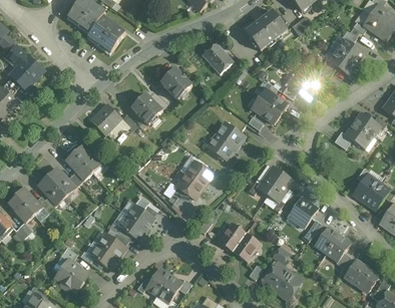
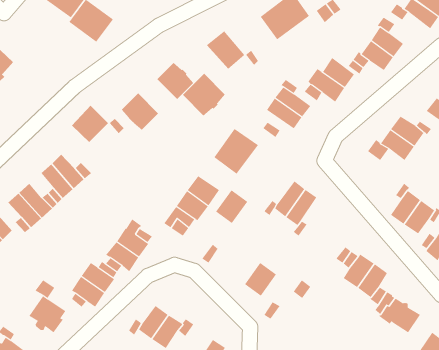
building: none -> [182,73,225,116]
building: [288,197,318,227] -> none
building: [219,222,246,250] -> [215,190,248,224]
building: [266,264,301,298] -> none

